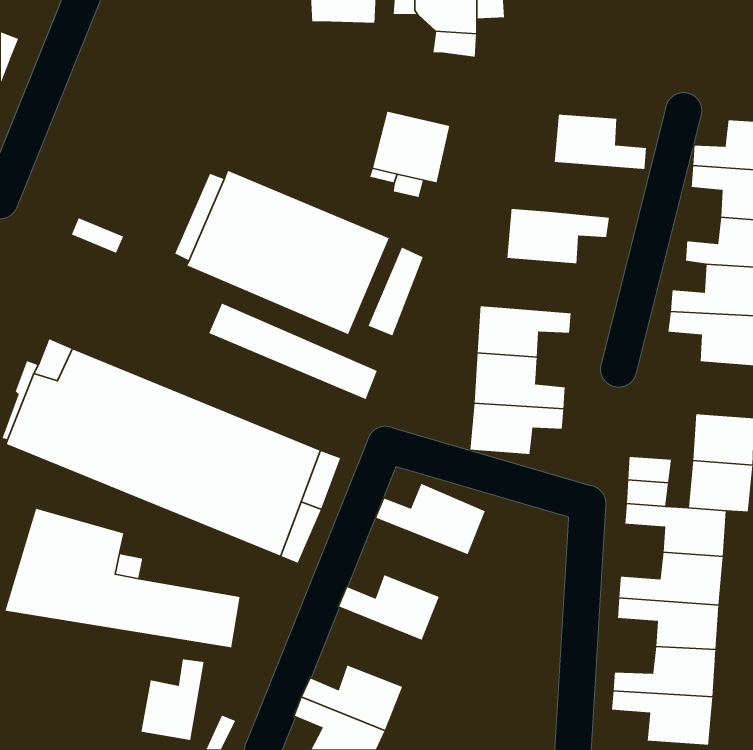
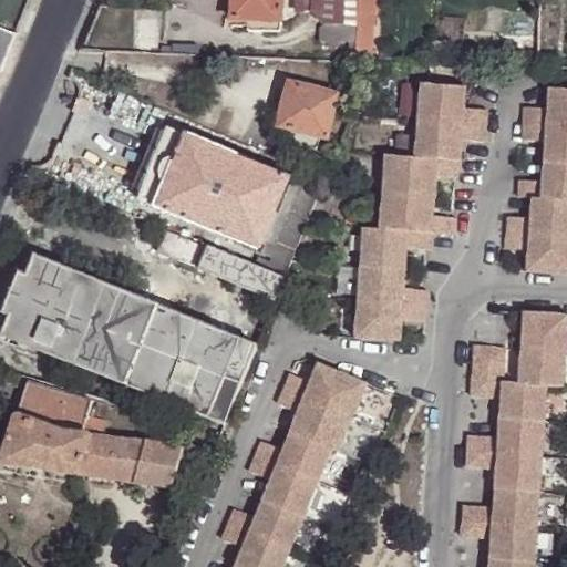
building: none -> [413,122,485,163]
building: none -> [378,194,454,236]
building: none -> [277,389,352,450]
building: none -> [249,455,318,515]
building: [141,658,205,741] -> none

